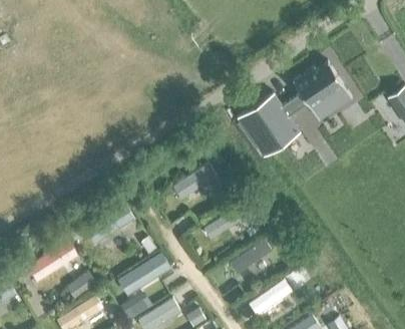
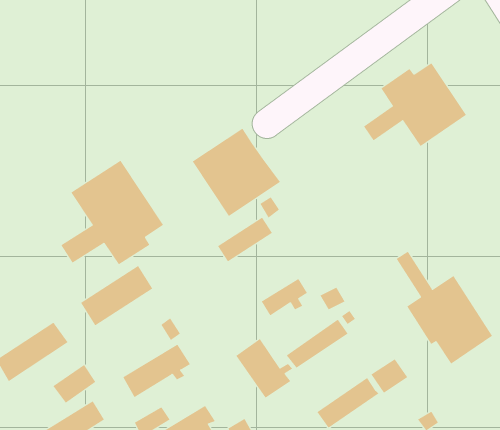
building: [239,95,300,156] -> [192,128,281,217]
building: none -> [61,160,164,265]
building: none -> [396,251,493,364]
building: none -> [235,338,293,399]

